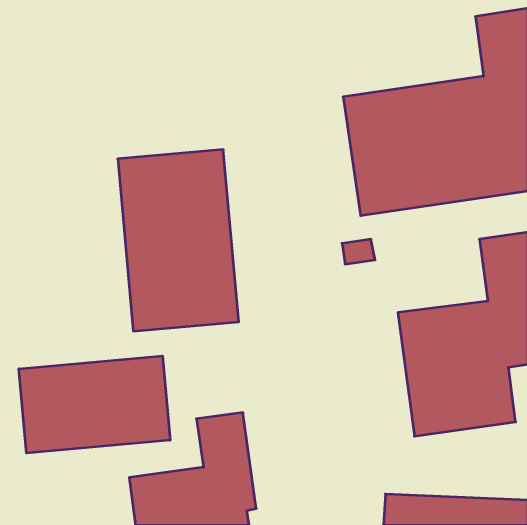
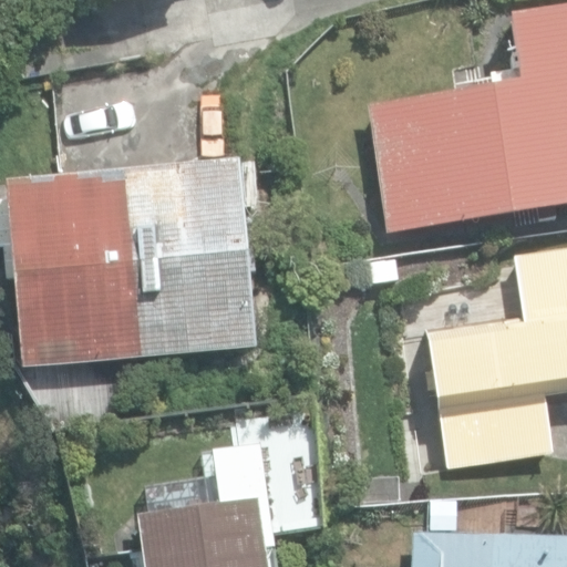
building: none -> [9,171,144,367]
building: [19,356,170,453] -> none

